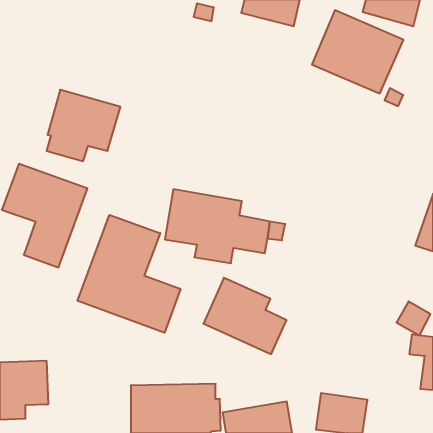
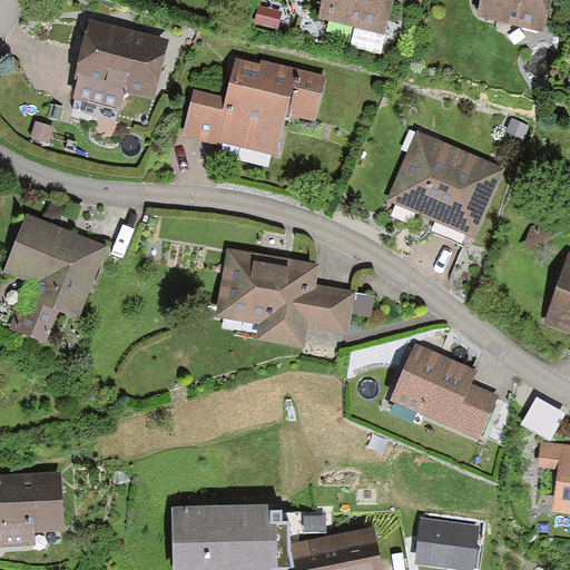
building: [312,10,404,93] -> [385,128,505,237]
building: none -> [185,60,323,155]
building: [47,90,120,161] -> [71,18,168,111]
building: [78,215,180,333] -> none
building: [203,278,287,354] -> [390,340,499,440]

